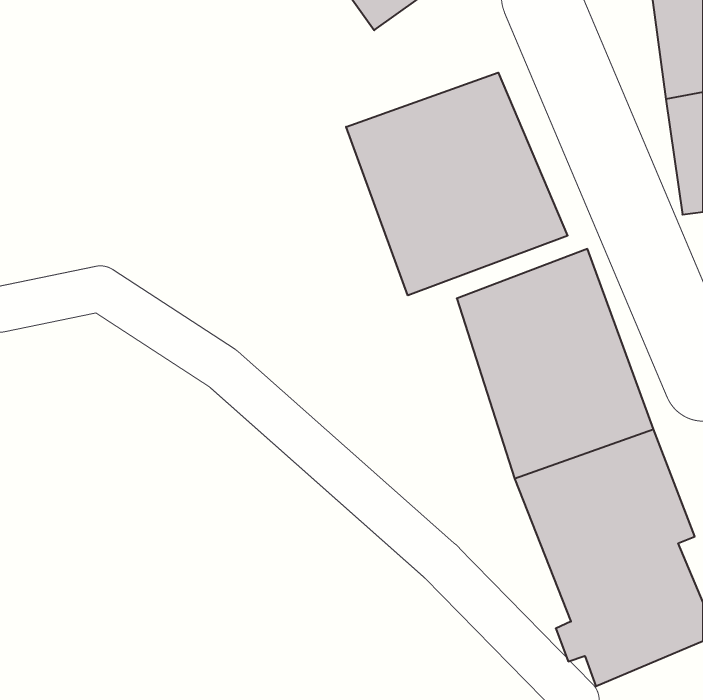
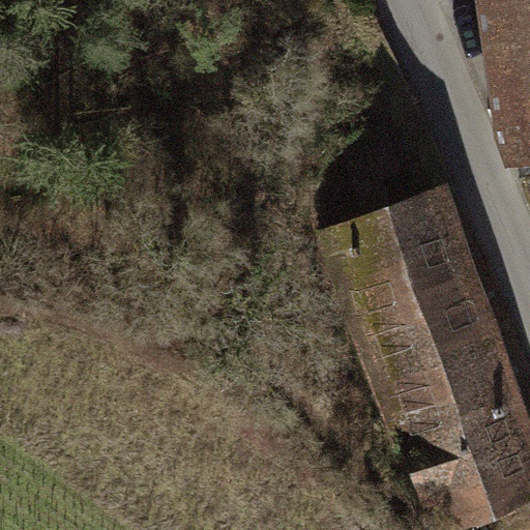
building: [346,73,568,295] -> none

